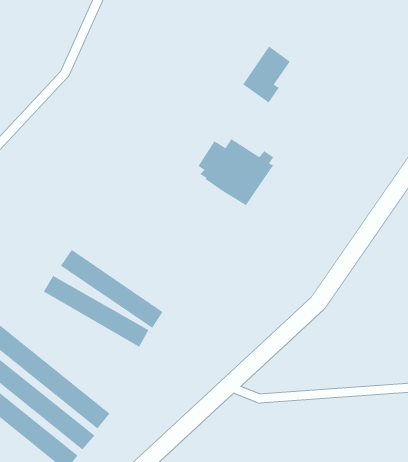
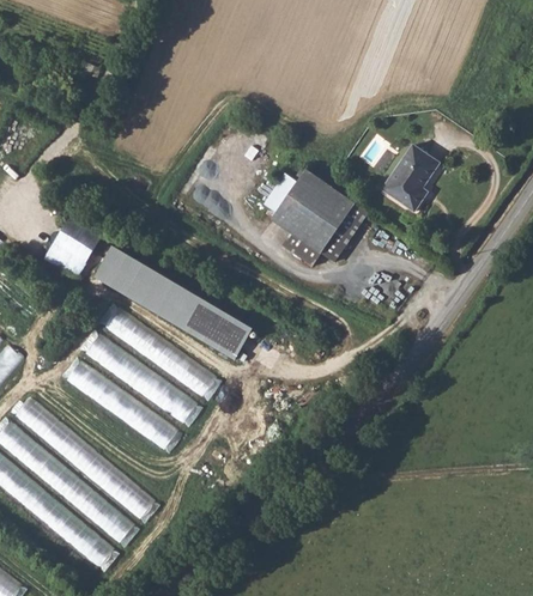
building: [242,46,291,103] -> [381,142,440,212]
building: none -> [47,218,102,276]
building: none -> [95,248,252,359]
building: none -> [59,357,184,451]

